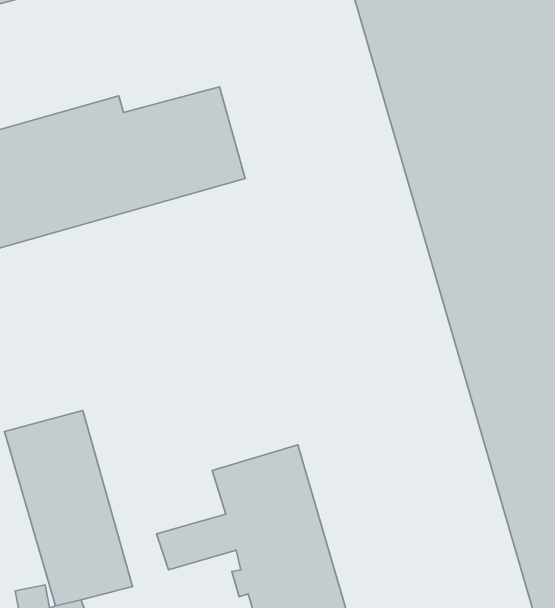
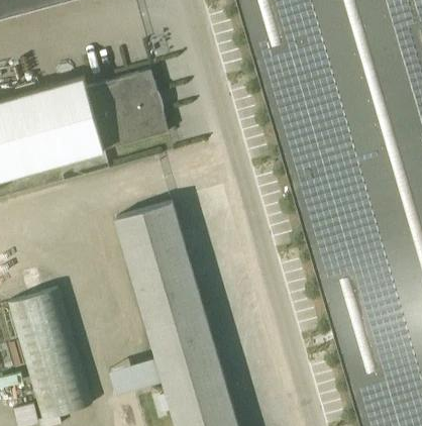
building: none -> [115,204,204,330]

